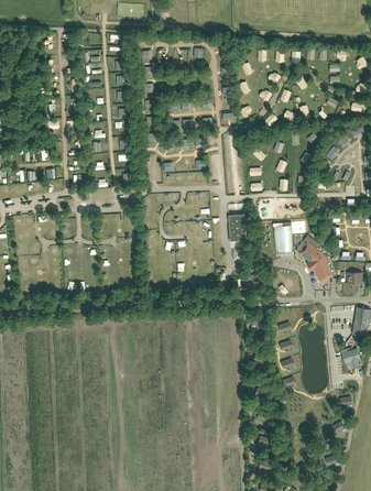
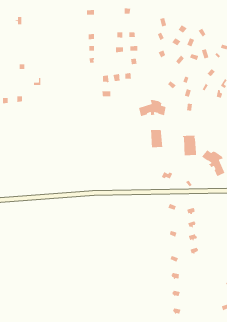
building: none -> [138,99,167,117]

